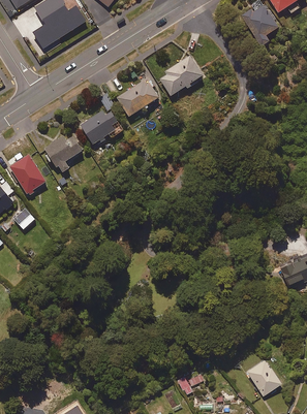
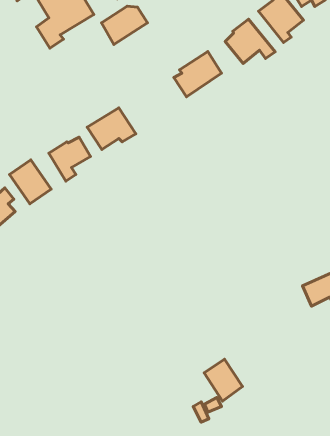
building: none -> [225,19,275,64]
building: [118,82,160,117] -> [101,6,148,44]
building: [245,359,280,397] -> [204,359,243,401]

